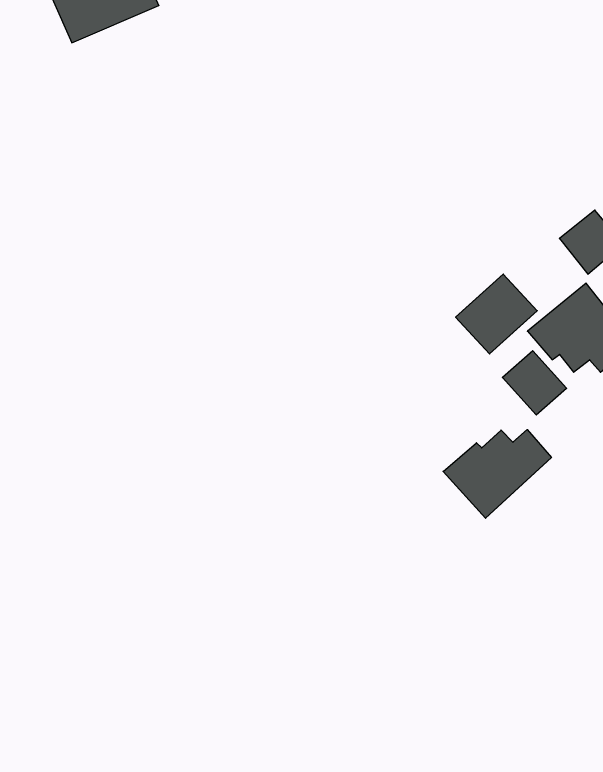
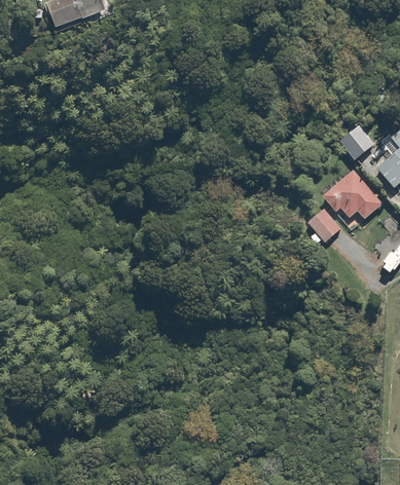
building: [456,274,537,354] -> none
building: [443,430,551,518] -> none

